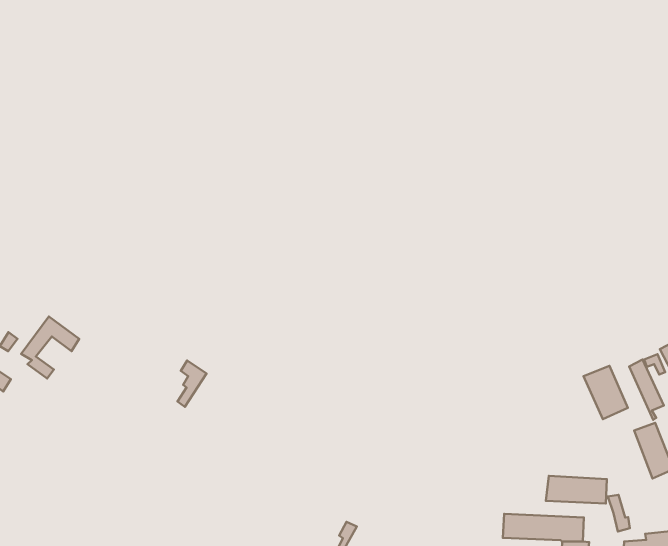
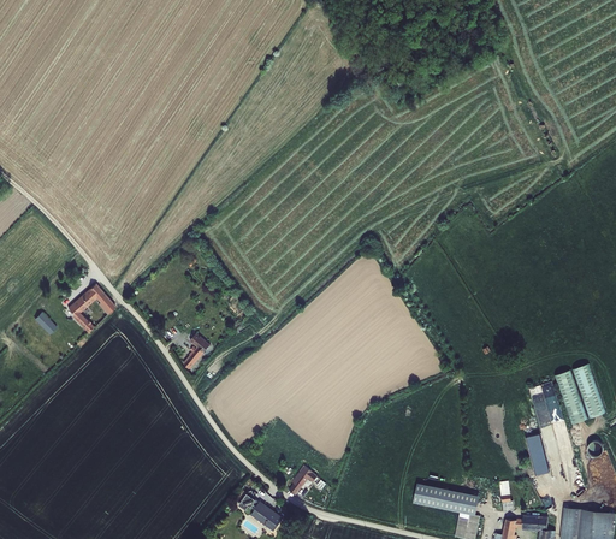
building: [583,366,628,419] -> none
building: [546,476,607,504] -> none

